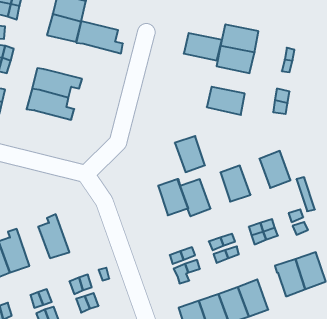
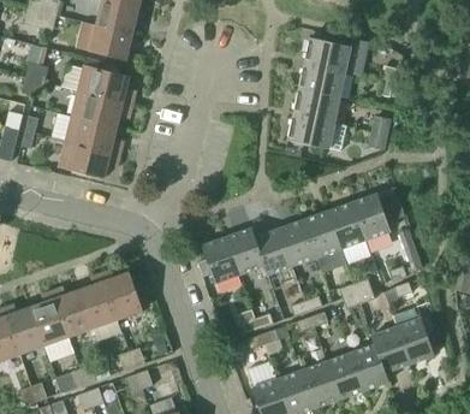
building: [76,21,123,53] -> [78,65,136,105]
building: [184,33,222,60] -> [293,89,340,123]
building: none -> [59,142,120,178]
building: [175,136,205,172] -> [279,220,316,265]
building: none -> [328,203,365,248]
building: none -> [202,237,239,282]
building: none -> [101,268,143,319]
building: none -> [53,286,94,336]
building: none -> [350,344,388,390]

